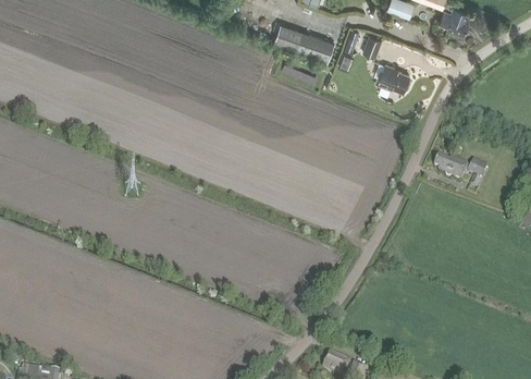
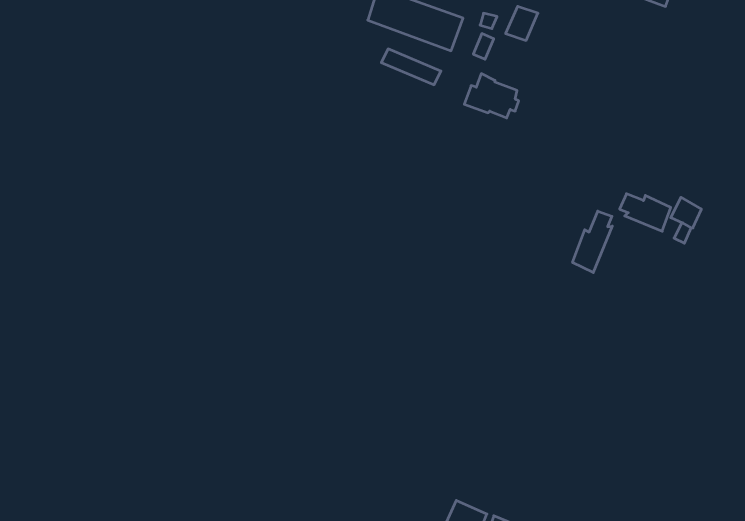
building: [374,63,409,91] -> [464,74,519,118]
building: none -> [573,211,612,273]

